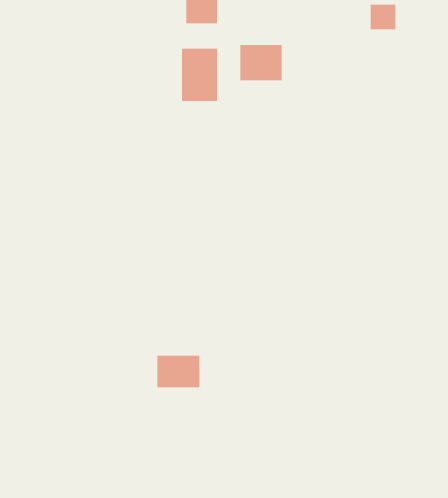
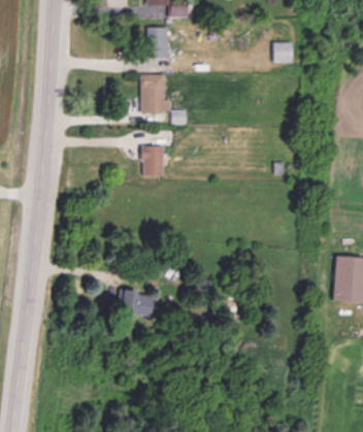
building: [239,44,282,81] -> none
building: none -> [141,145,164,176]

